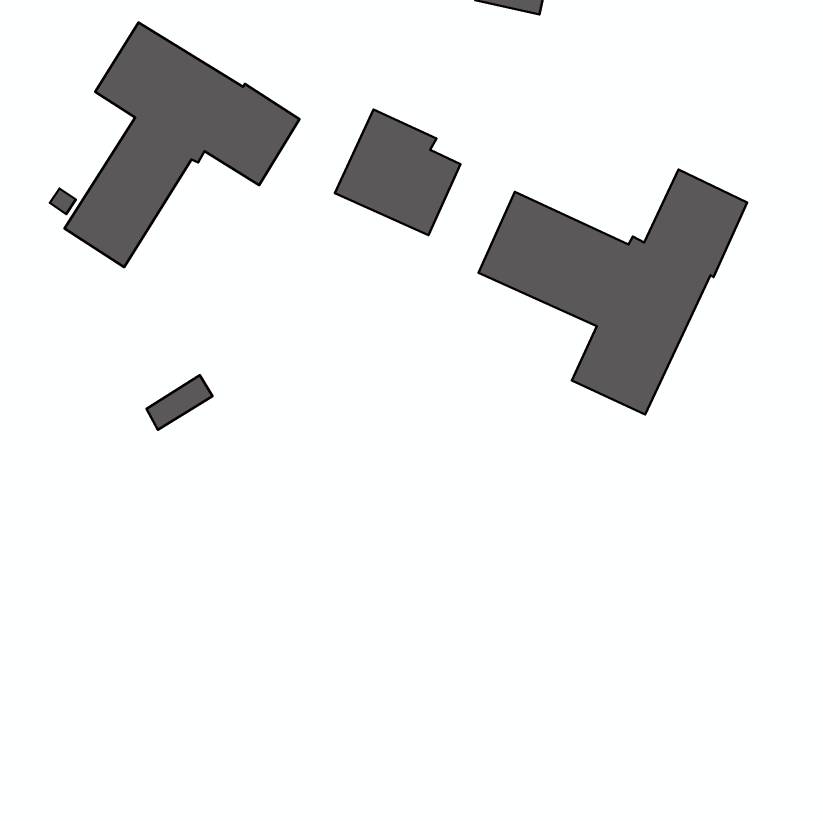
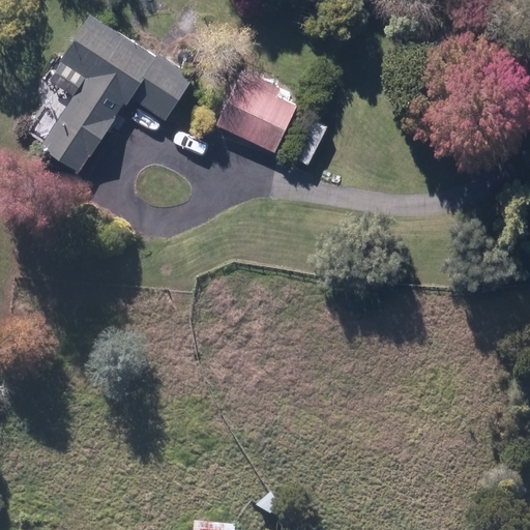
building: [478,169,747,414] -> none

